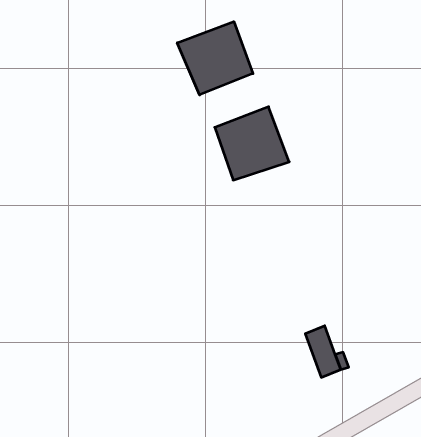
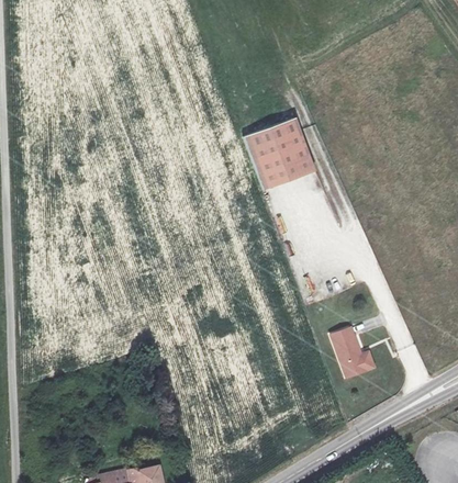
building: [177,22,253,95] -> none

